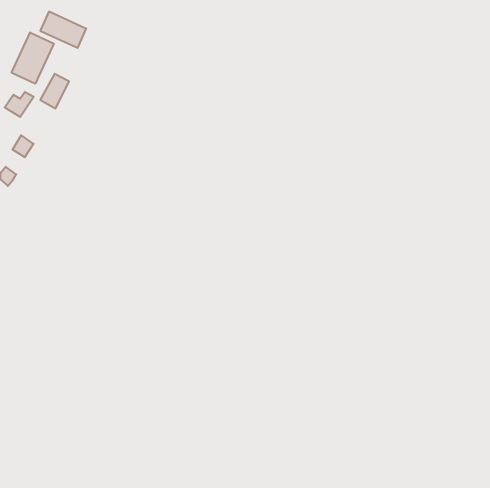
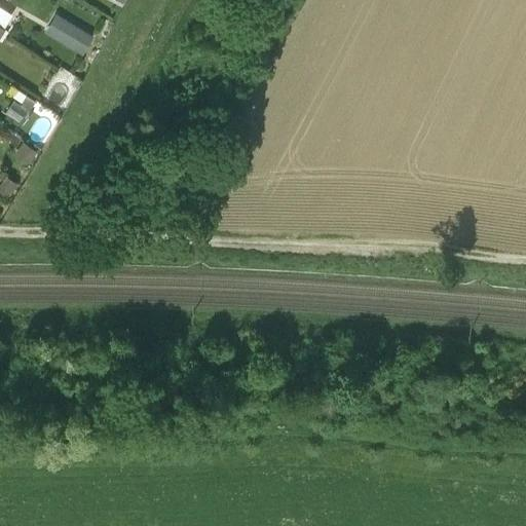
building: [12,32,54,84] -> none

